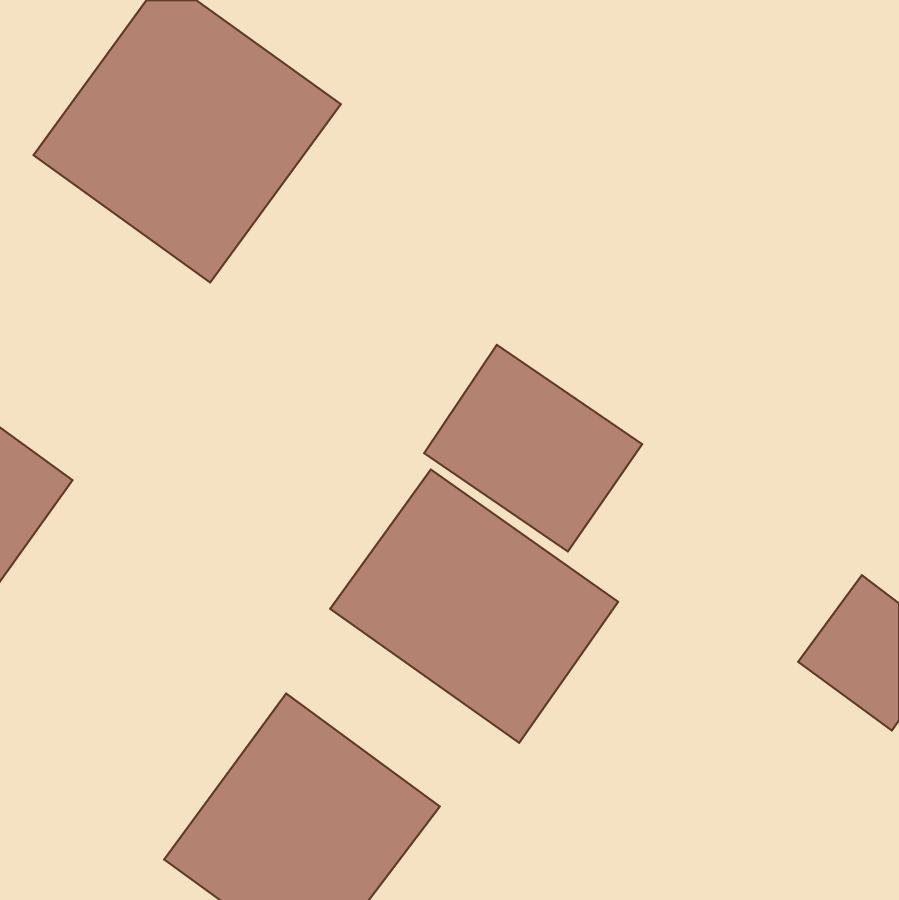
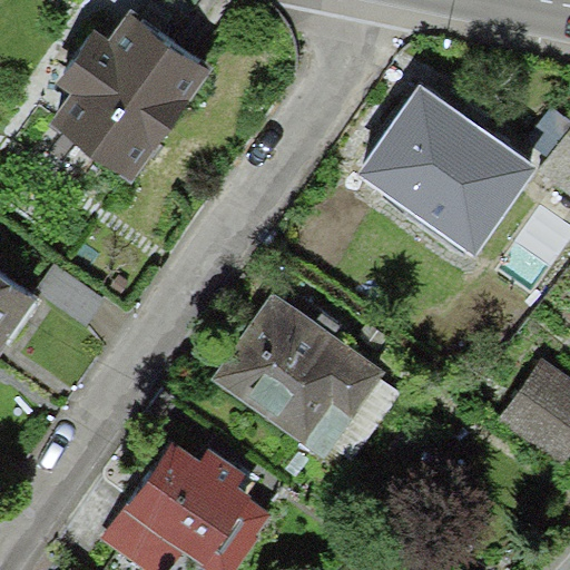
building: none -> [360,86,534,252]
building: [424,345,642,552] -> none

